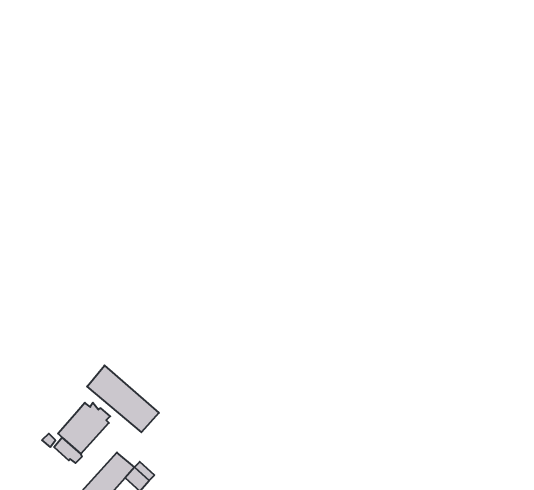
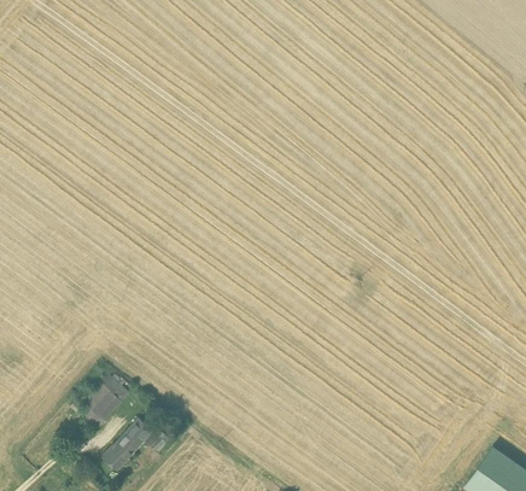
building: [87,365,159,432] -> none

